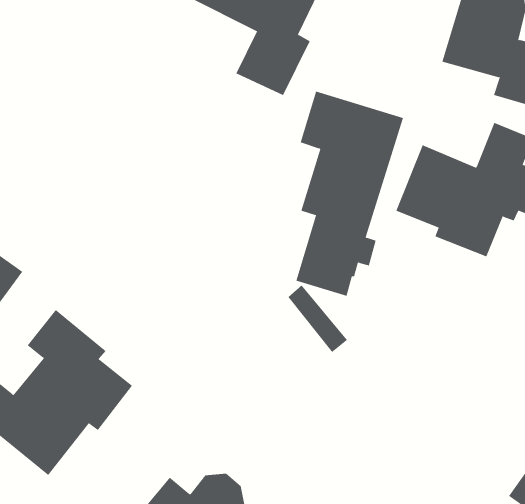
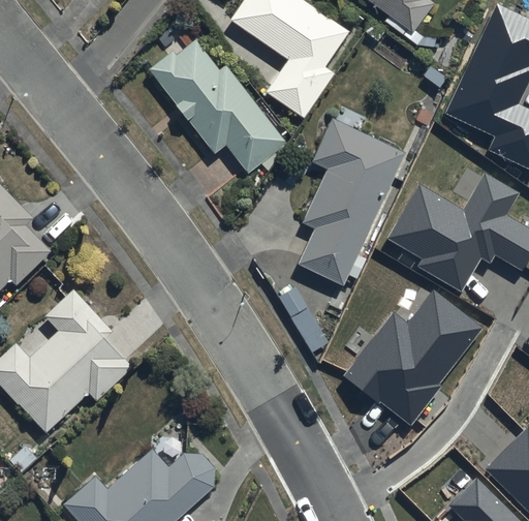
building: none -> [148,44,284,178]
building: none -> [345,290,483,426]

